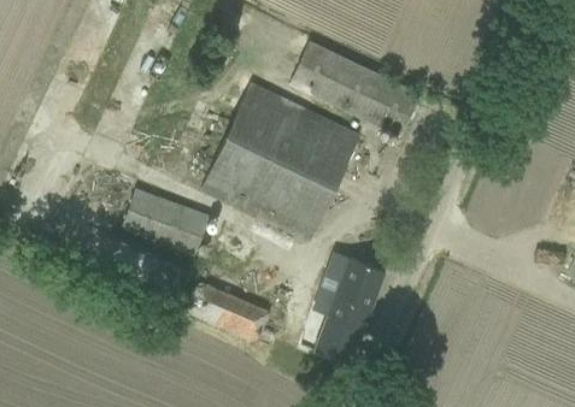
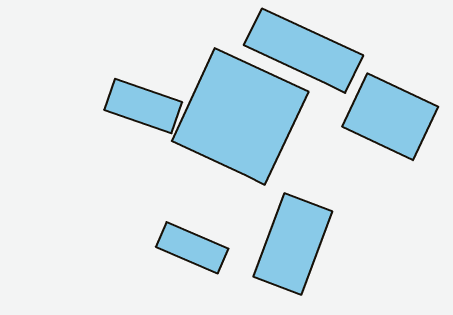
building: none -> [342,73,438,160]
building: [124,190,212,252] -> [104,79,182,133]

